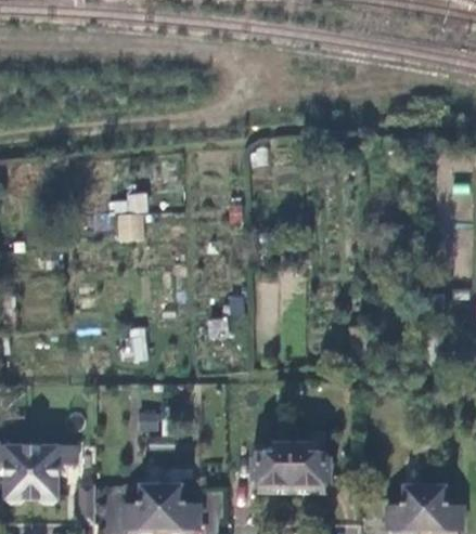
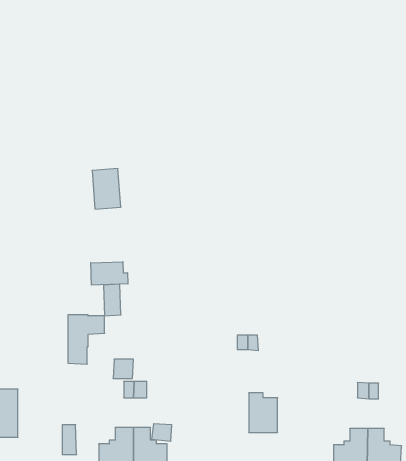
building: none -> [91,262,128,285]
building: [31,442,73,497] -> [68,315,105,364]
building: [258,446,292,491] -> none

